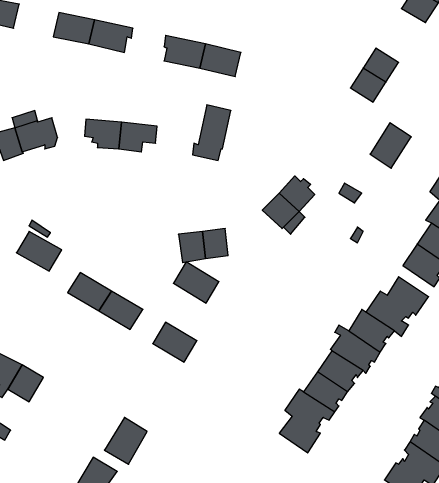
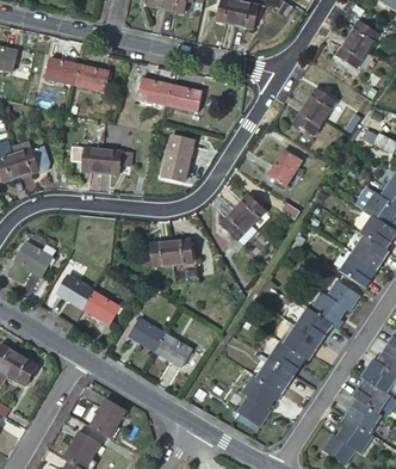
building: [370,123,411,168] -> [267,148,302,186]
building: [173,262,219,303] -> [155,333,193,368]

